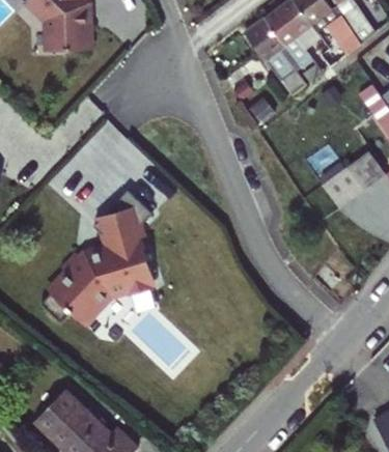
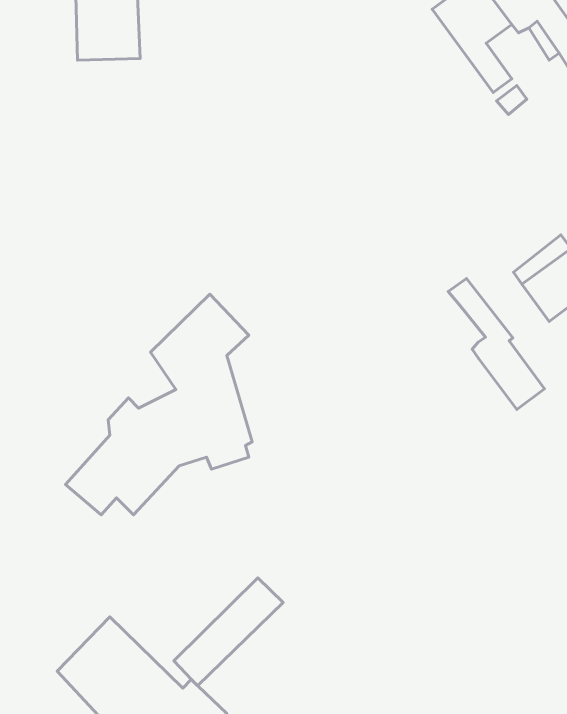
building: [245,17,307,93] -> none
building: none -> [448,278,544,410]
building: none -> [174,578,283,686]

